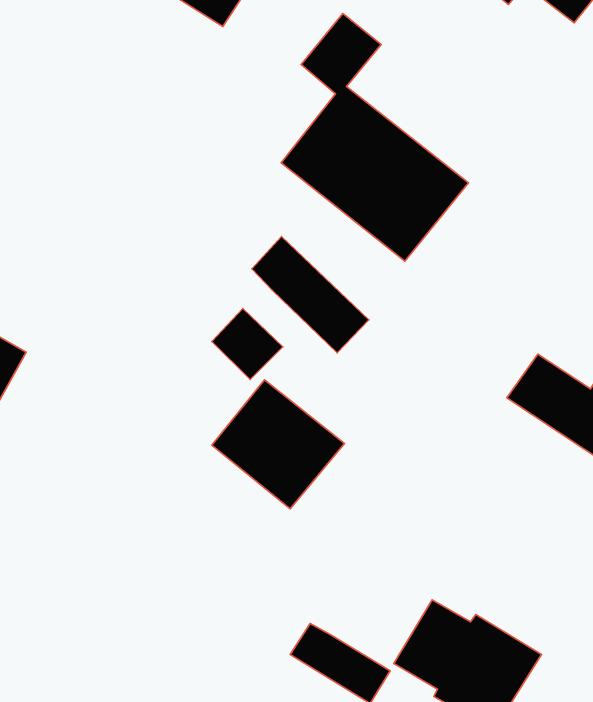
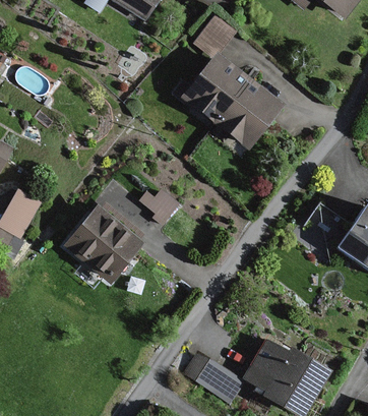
building: [252,236,369,353] -> none
building: [212,380,345,509] -> [65,207,139,280]

